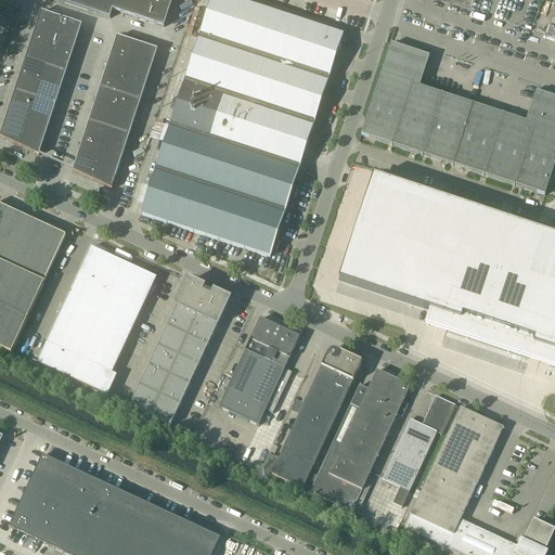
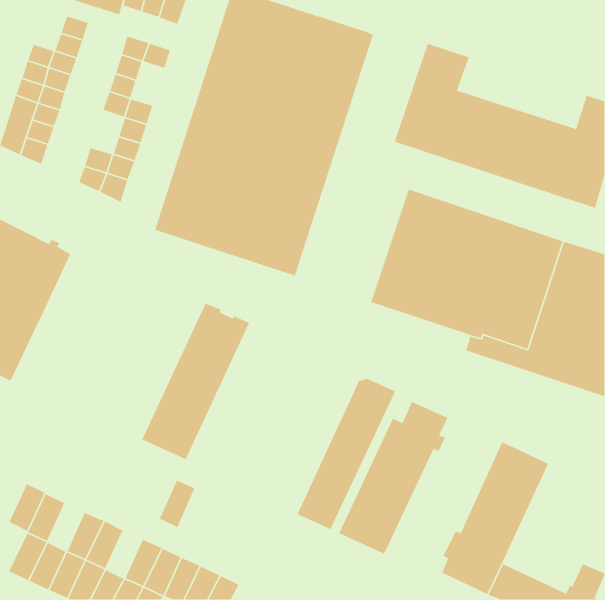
building: [30,8,61,47] -> none
building: [119,56,151,96] -> none
building: [82,101,114,141] -> none
building: [37,243,156,391] -> none
building: [218,314,299,422] -> none
building: [383,391,454,504] -> none
building: [43,460,77,504] -> [9,483,45,532]
building: [96,485,130,529] -> [159,480,196,528]

